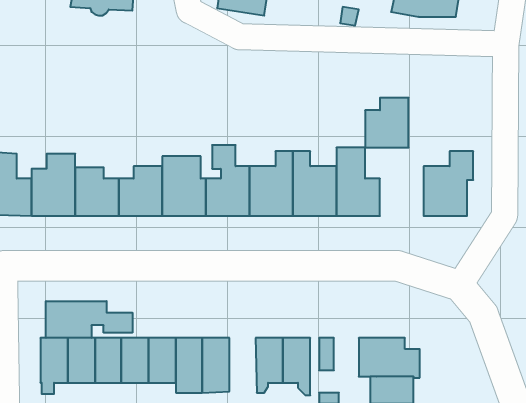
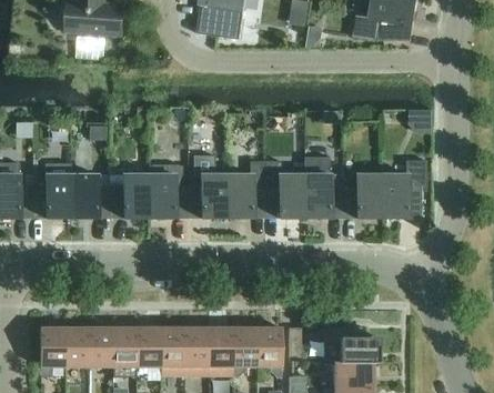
building: [365,98,409,148] -> [341,173,380,218]
building: [46,301,132,338] -> none
building: none -> [206,326,231,375]

